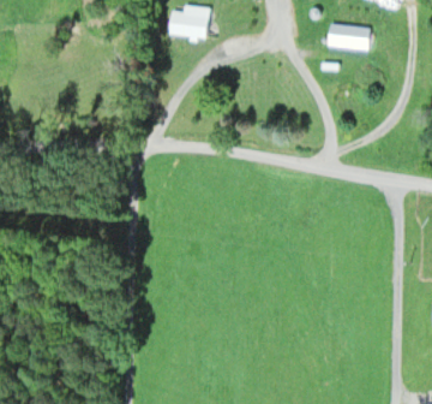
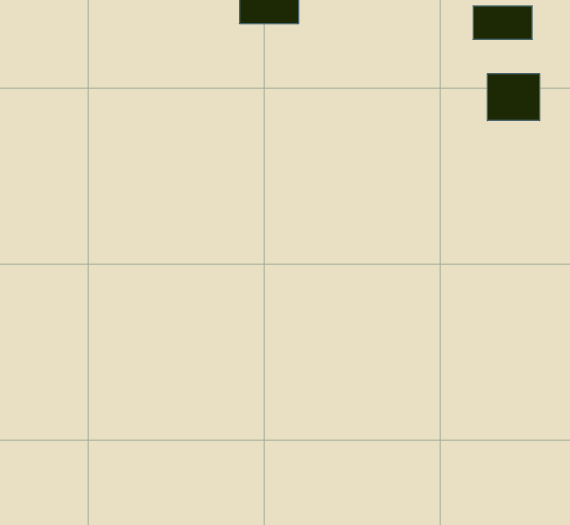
building: none -> [487,74,540,121]

